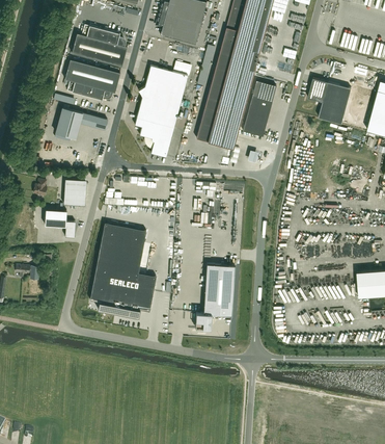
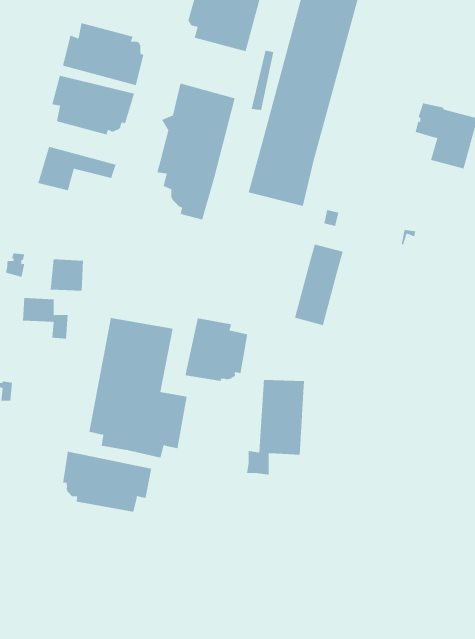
building: [243,81,276,136] -> [294,244,344,326]
building: none -> [185,317,248,382]
building: none -> [62,451,152,512]

